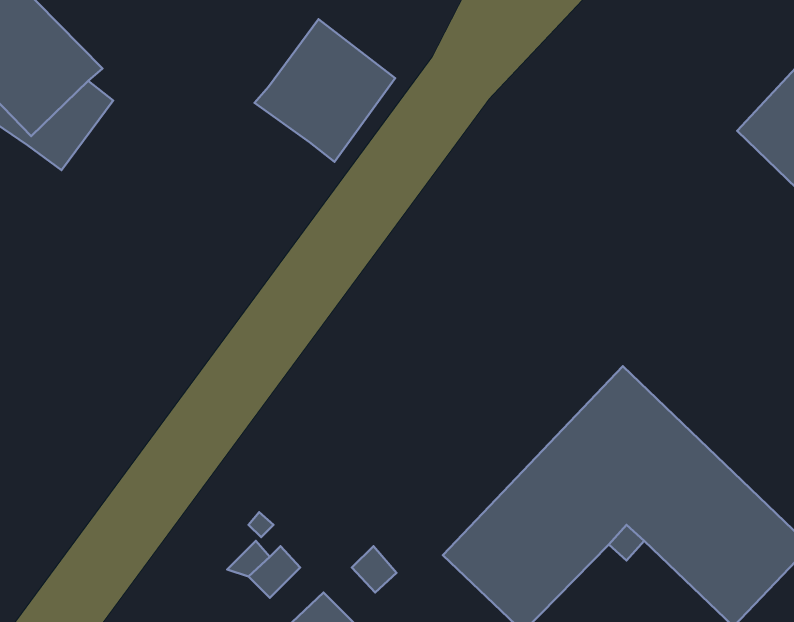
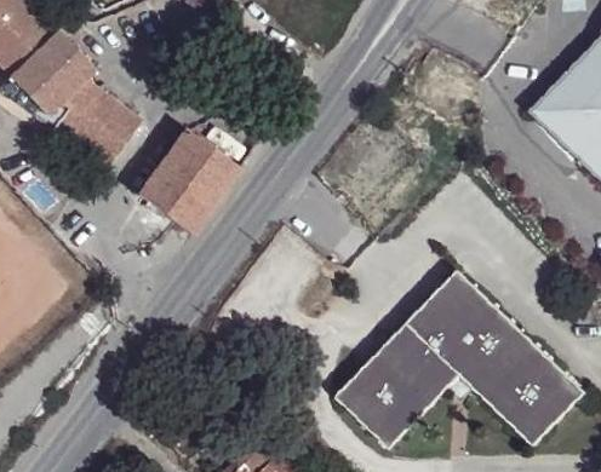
building: [254,19,395,162] -> [136,133,231,230]
building: none -> [74,90,147,165]

